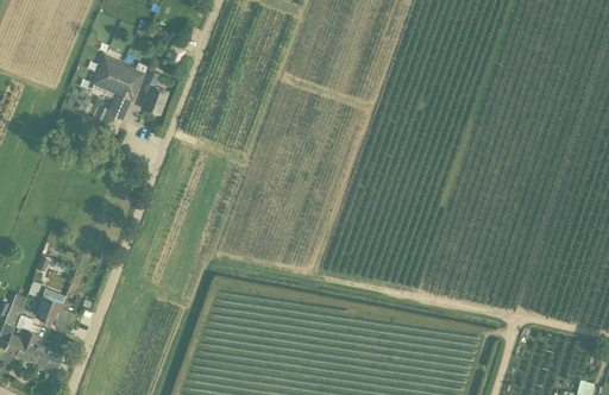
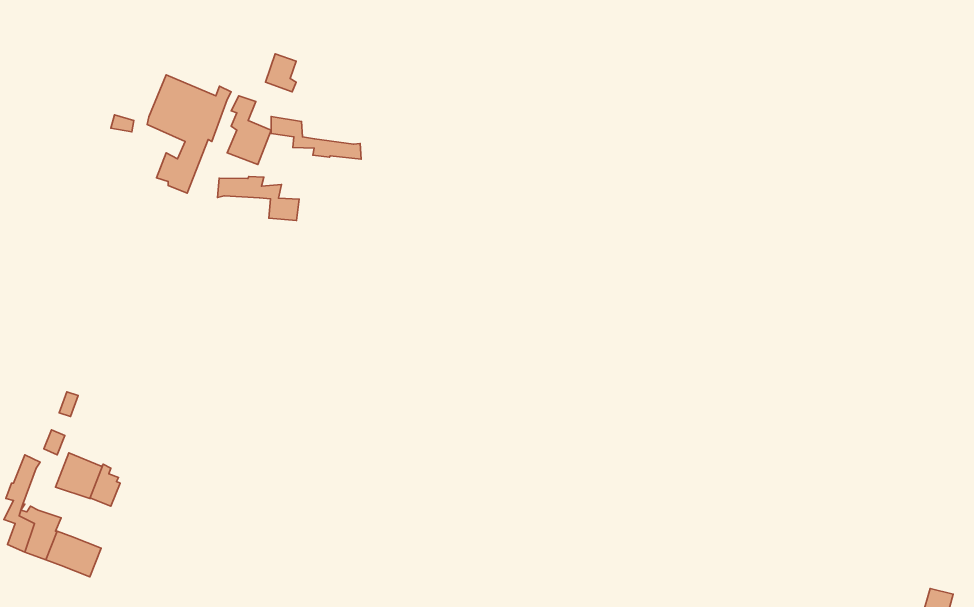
building: none -> [271,117,361,159]
building: none -> [218,177,299,220]

